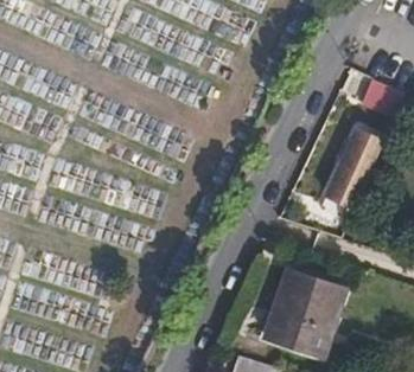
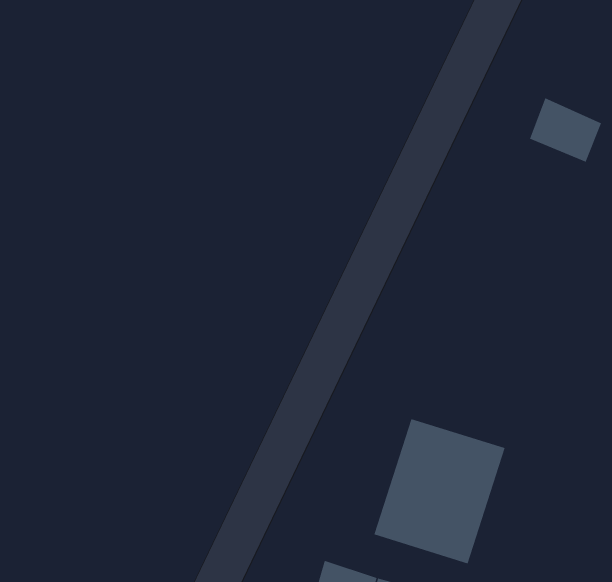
building: [333,126,382,190] -> none

